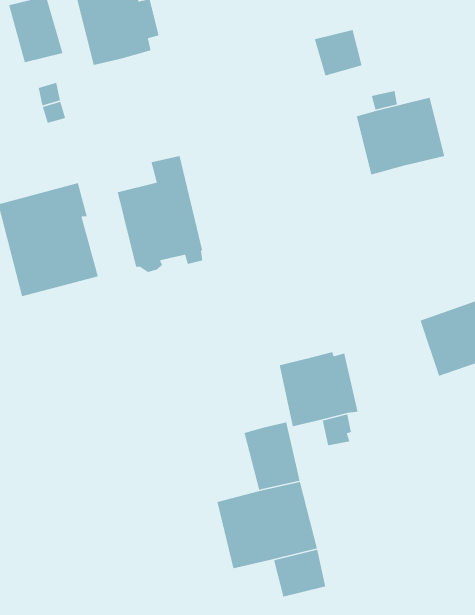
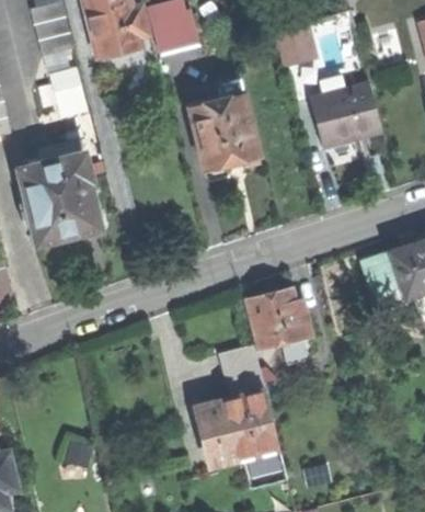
building: none -> [153,8,200,52]
building: [117,155,203,273] -> [188,76,259,171]

